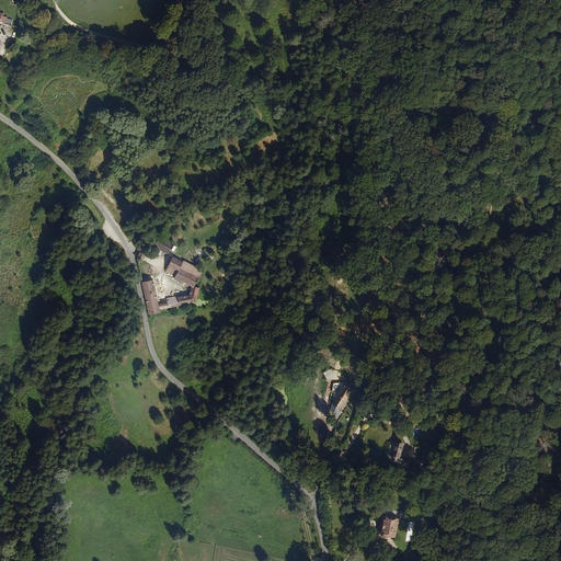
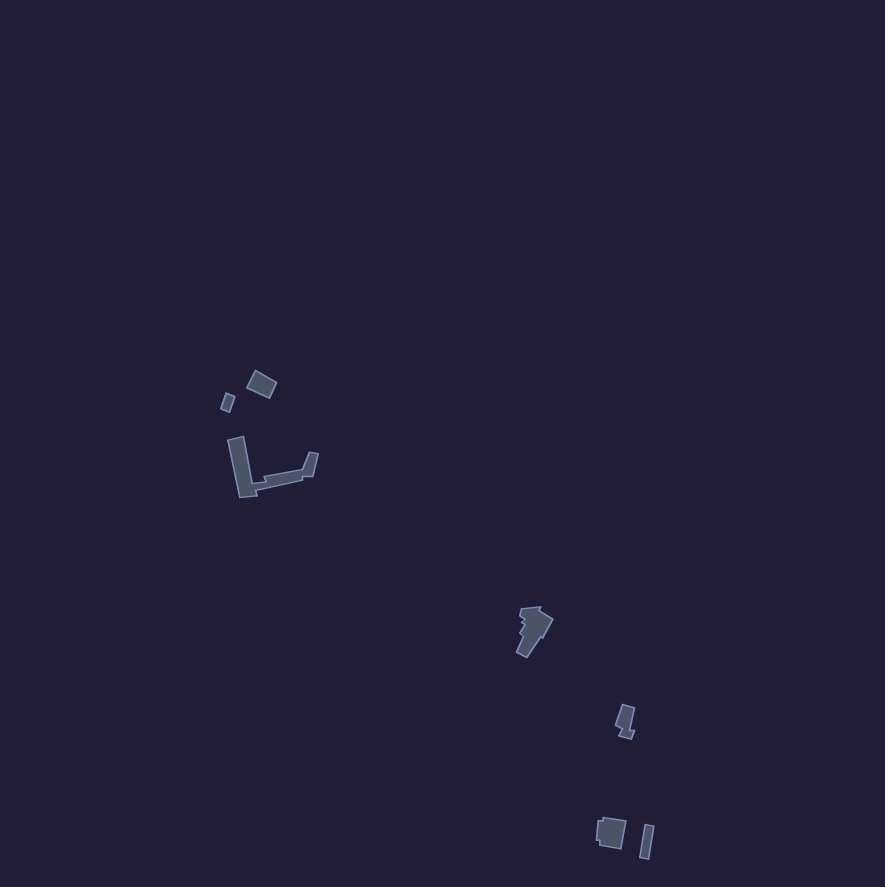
building: [168,253,199,285] -> none

